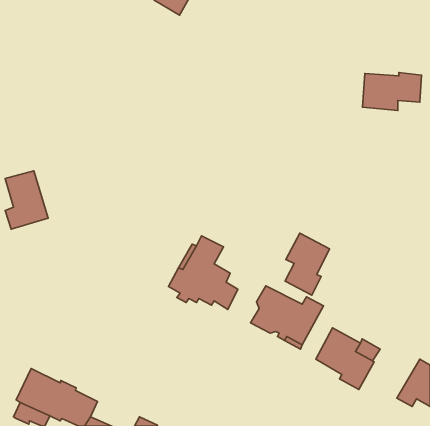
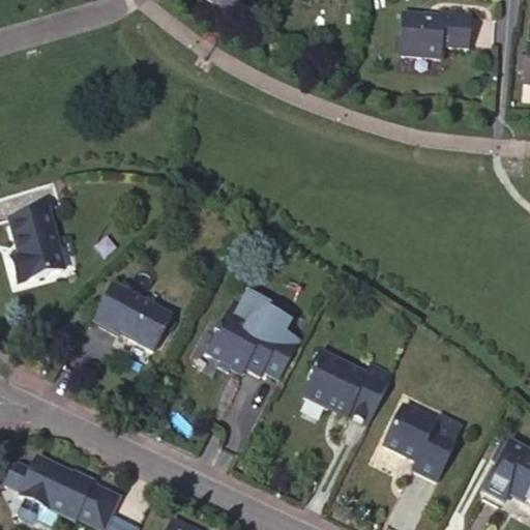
building: [362,73,422,111] -> [400,11,472,58]
building: none -> [93,282,173,349]
building: [285,233,329,295] -> none

